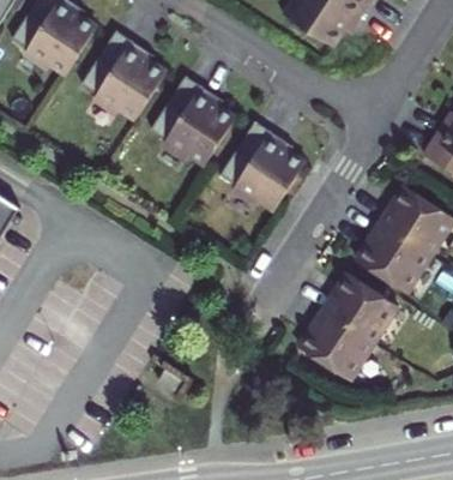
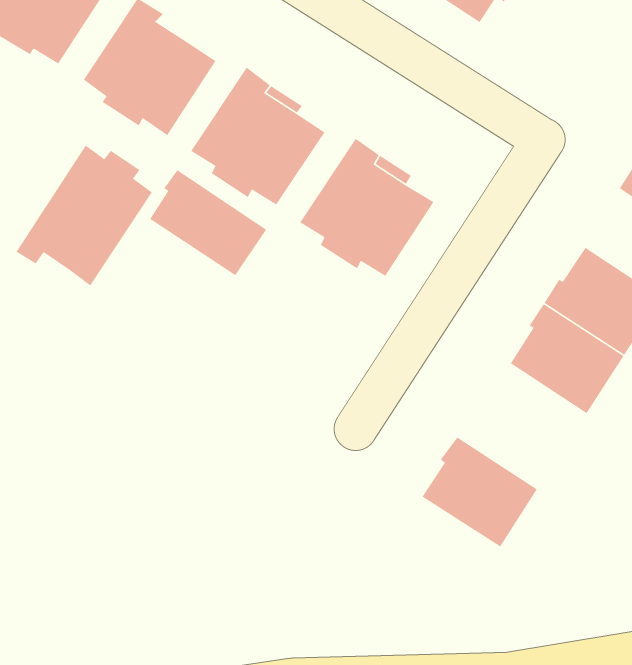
building: none -> [15,144,153,286]
building: none -> [149,169,267,276]
building: [320,276,395,346] -> none

